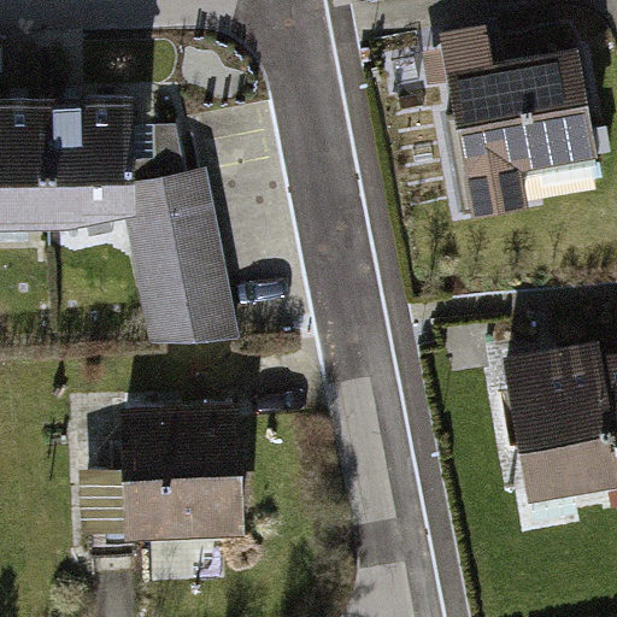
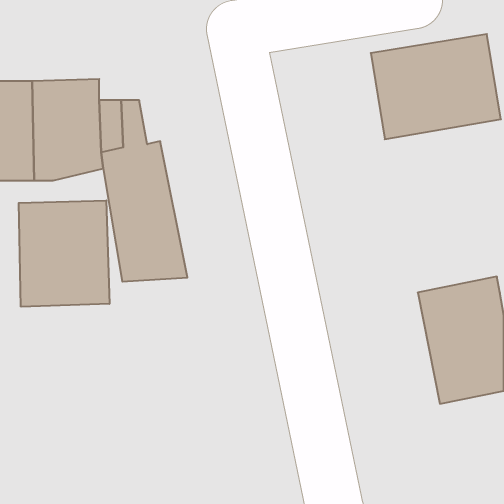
building: none -> [19,200,109,307]
building: [82,405,248,543] -> none

